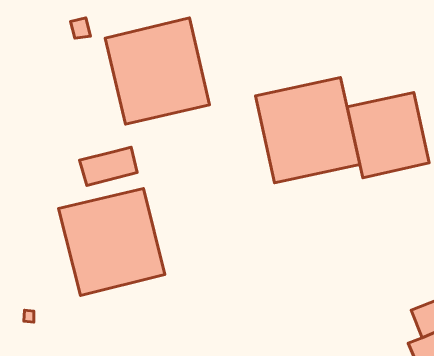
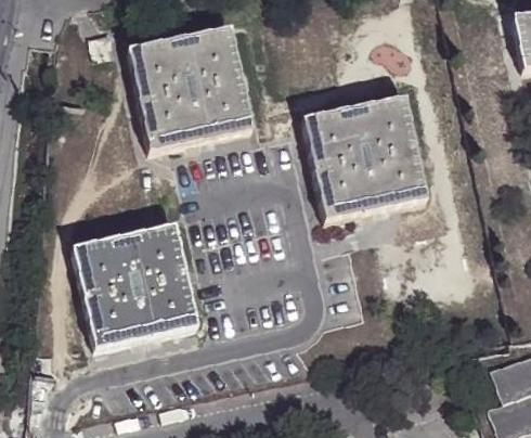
building: [347,93,429,178] -> none
building: [79,147,137,186] -> none

